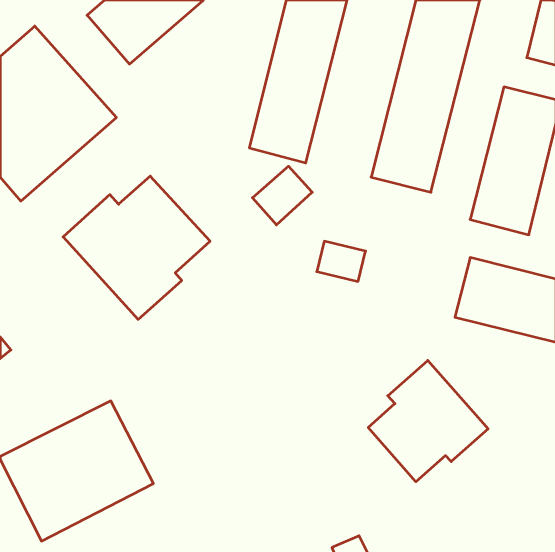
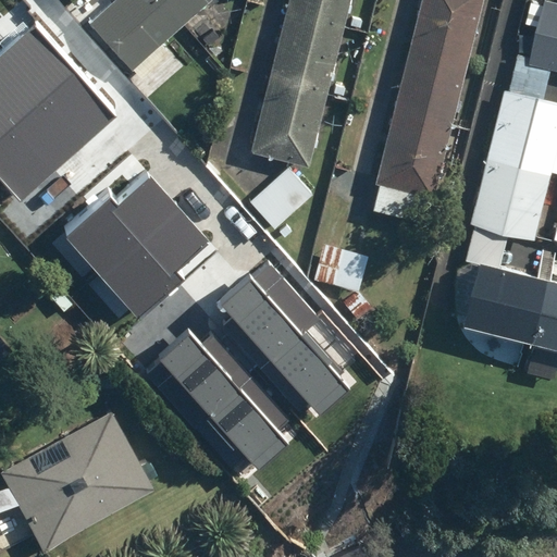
building: none -> [222,269,359,421]
building: none -> [150,338,289,473]
building: [368,360,488,482] -> none

